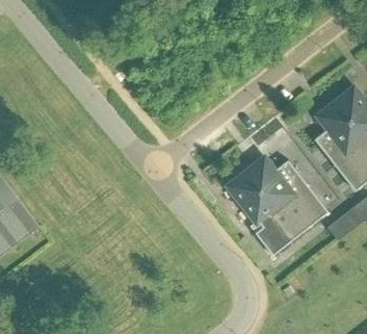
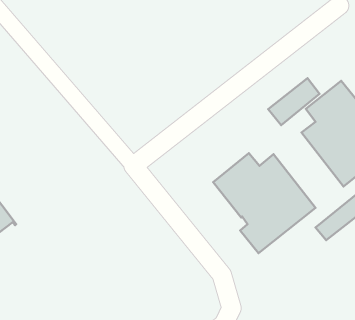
building: none -> [268,78,319,125]

